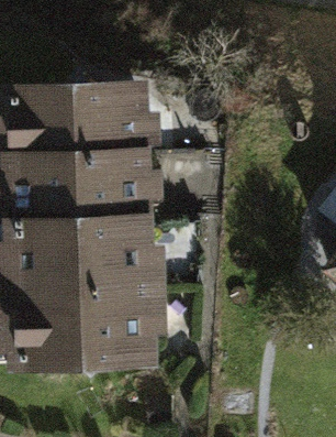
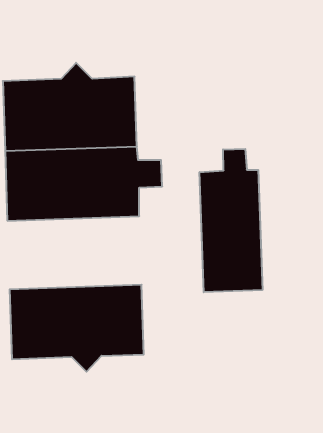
building: none -> [200,149,262,292]
building: [13,226,142,296] -> none

